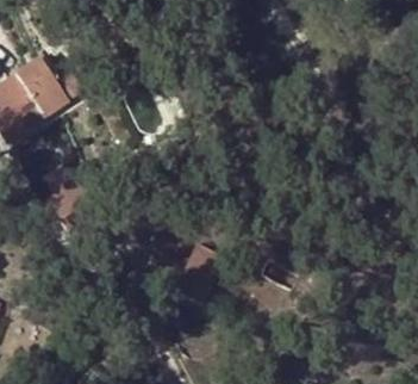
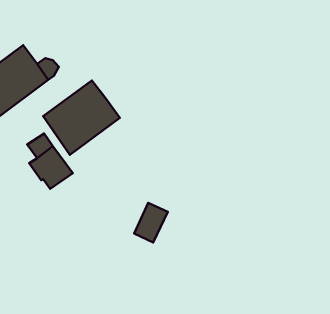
building: none -> [43,81,120,155]

